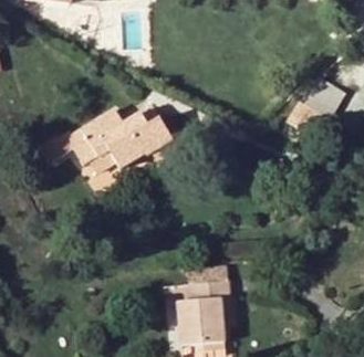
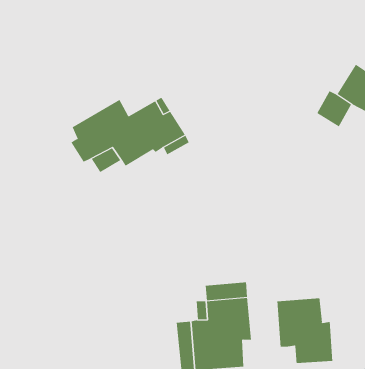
building: none -> [277,298,333,364]

